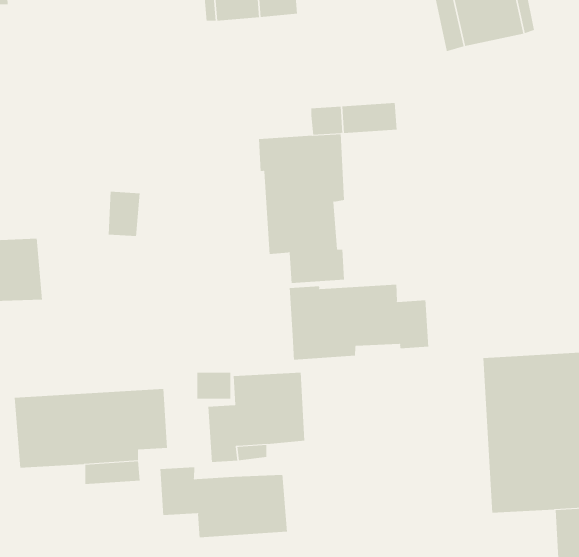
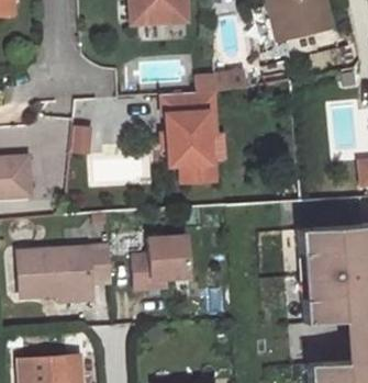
building: [289,284,429,361] -> none
building: [160,466,288,538] -> none

